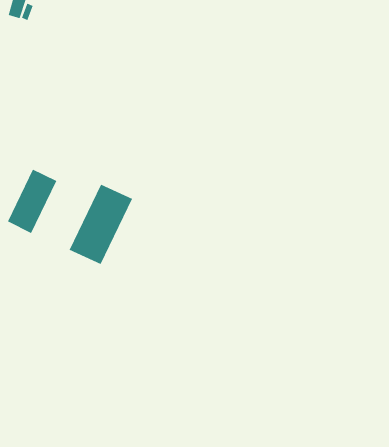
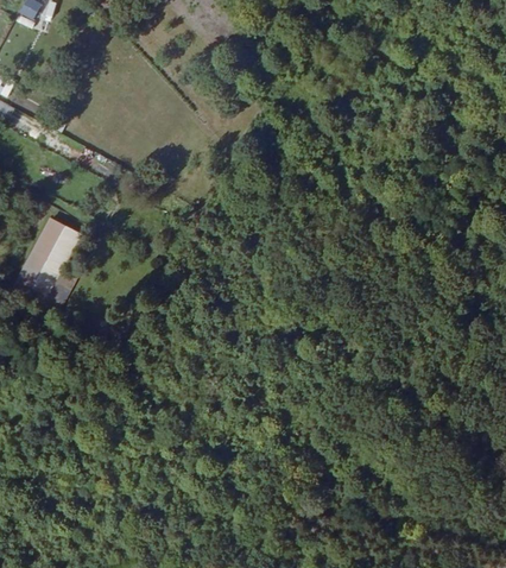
building: [69,184,133,265] -> none

